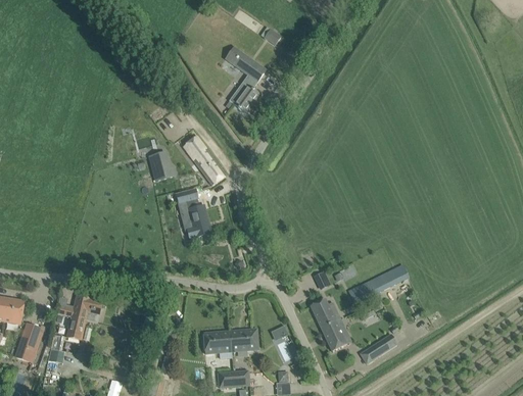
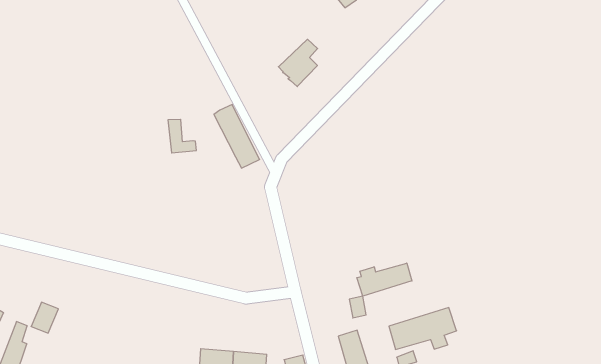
building: [234,51,266,80] -> none
building: [177,188,210,238] -> none
building: none -> [357,263,412,296]
building: [58,294,103,318] -> none

